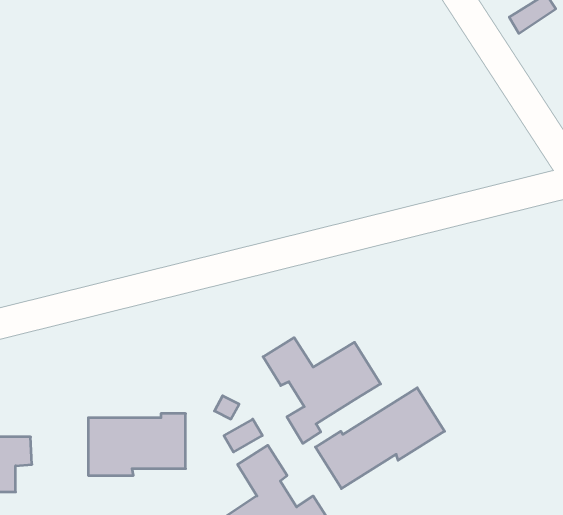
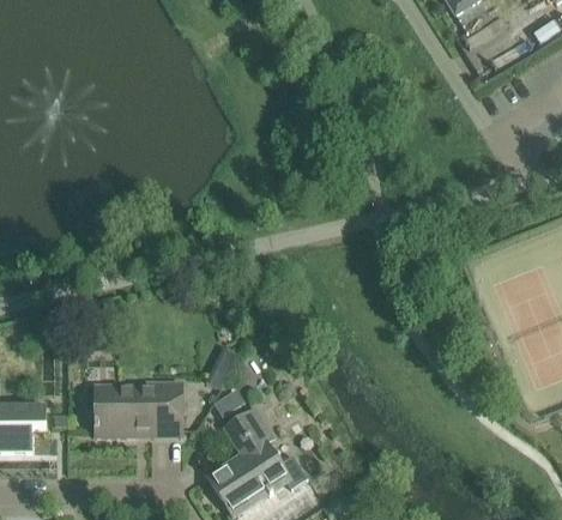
building: [263,338,381,443] -> none
building: [315,388,445,489] -> none

